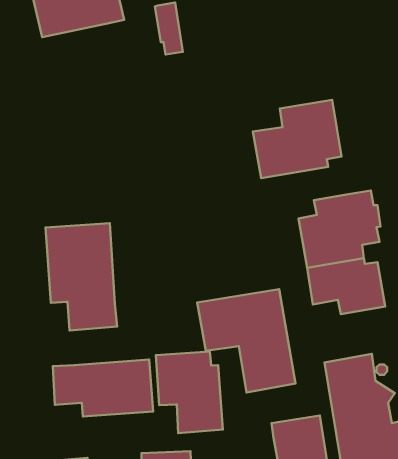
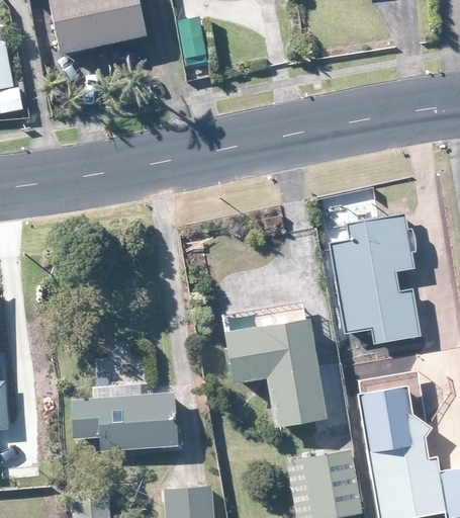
building: [253,100,341,178] -> none
building: [45,223,117,331] -> none
building: [156,351,223,433] -> none

